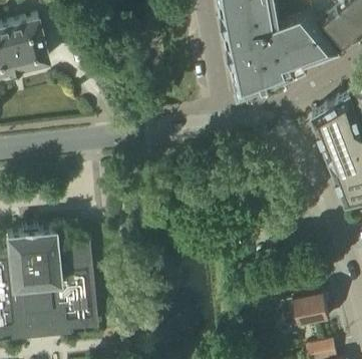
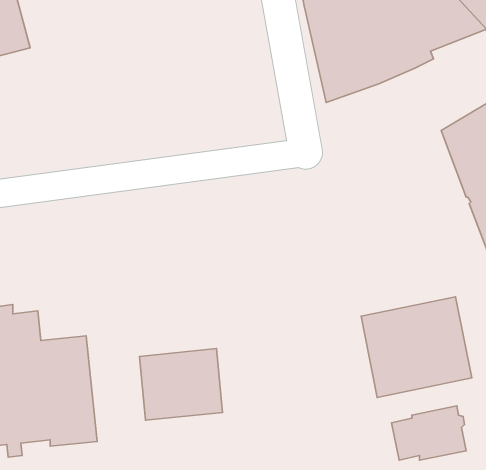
building: none -> [361,297,472,397]
building: none -> [139,348,223,420]

